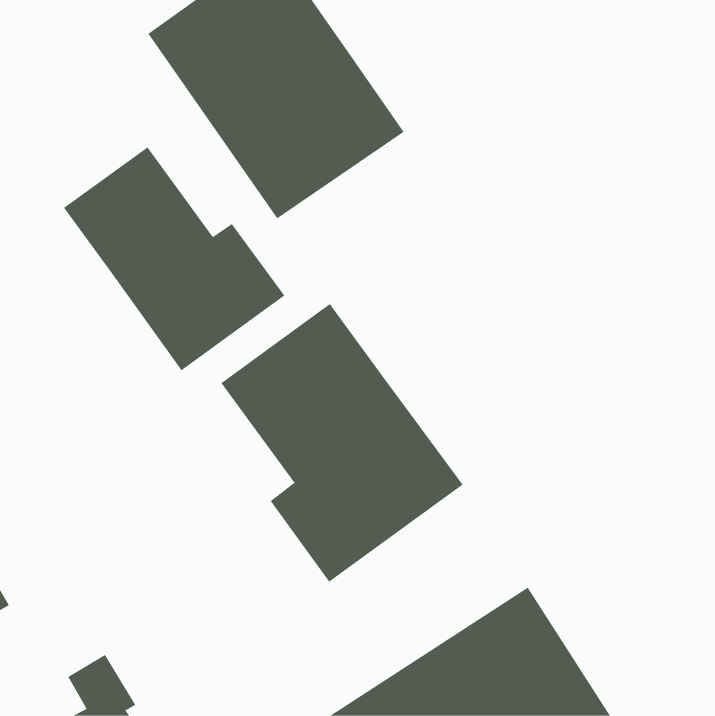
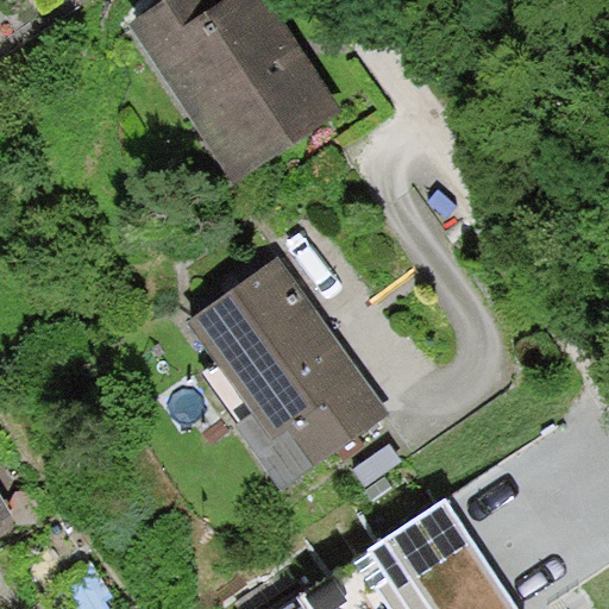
building: [63,146,285,371] -> none

